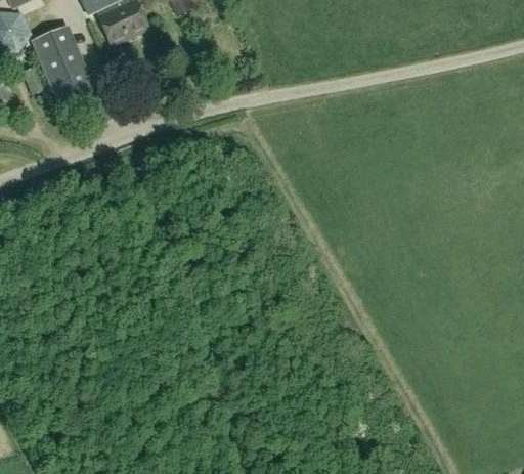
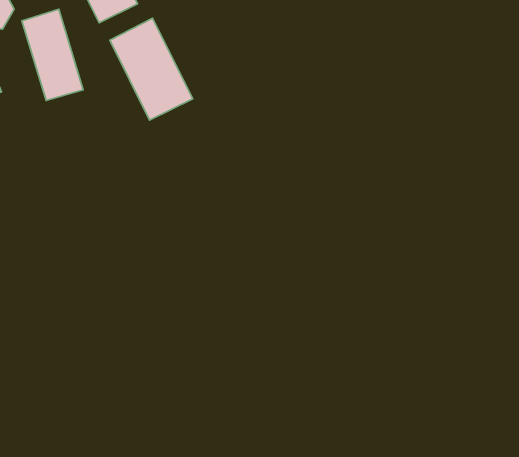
building: none -> [110,18,193,120]

